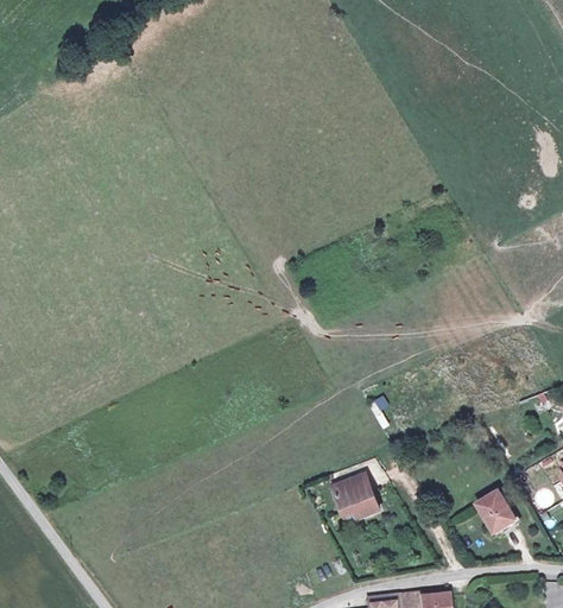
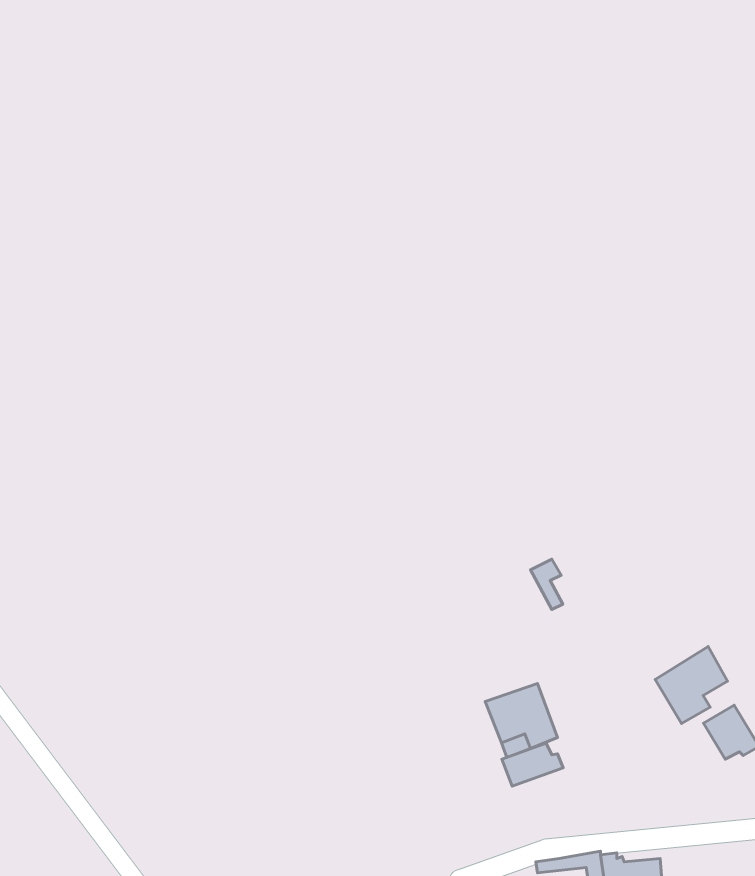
building: none -> [655,647,728,723]
building: none -> [502,743,563,786]

